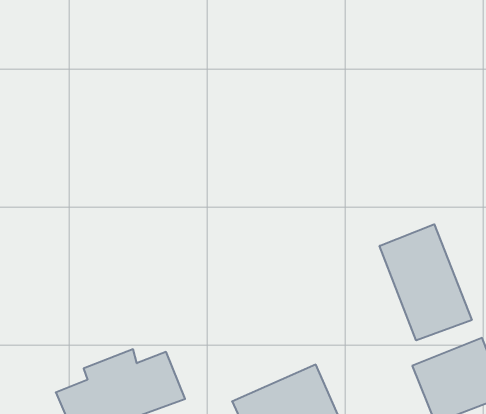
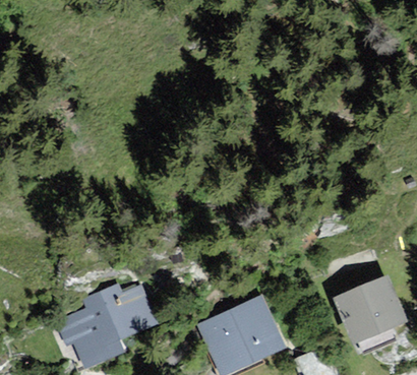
building: [380,224,472,340] -> none

